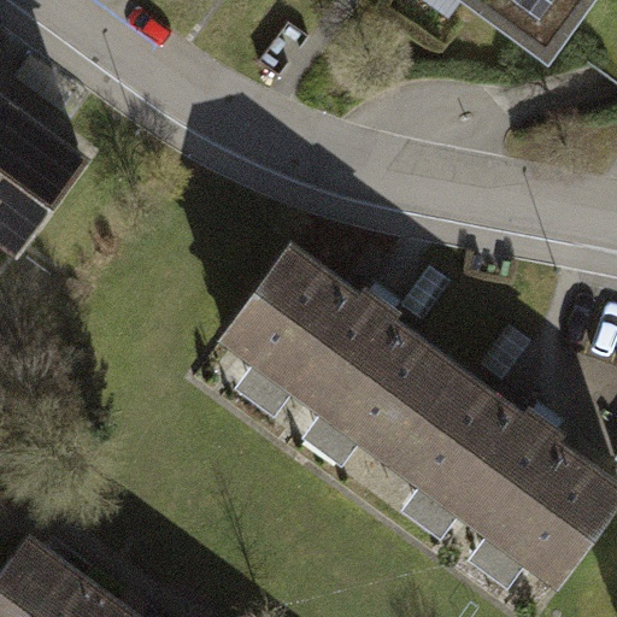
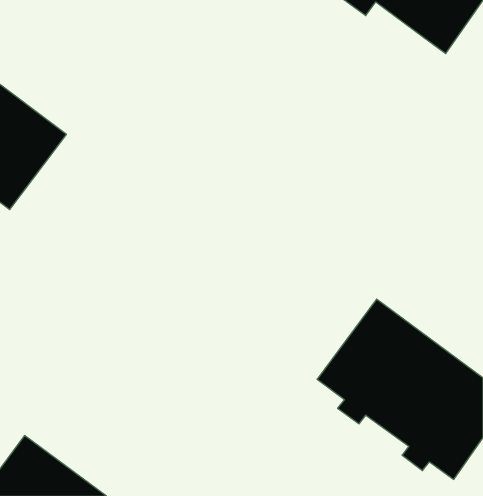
building: [223,245,465,469] -> none

